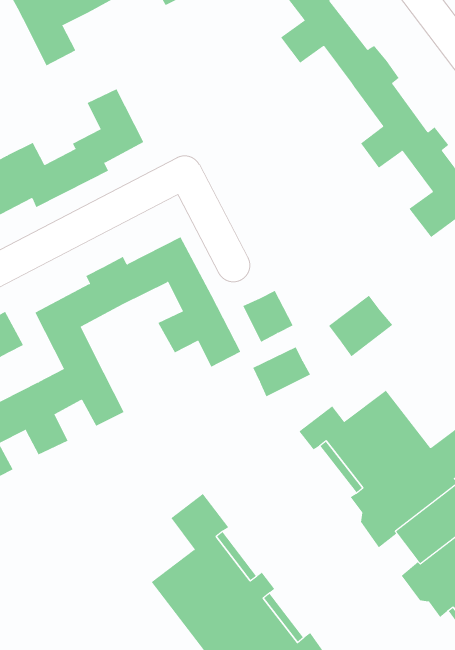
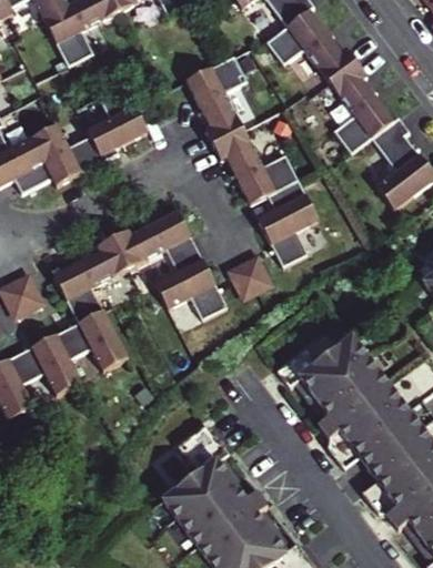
building: none -> [187,53,321,265]
building: [328,295,393,357] -> none
building: [252,347,311,397] -> none

